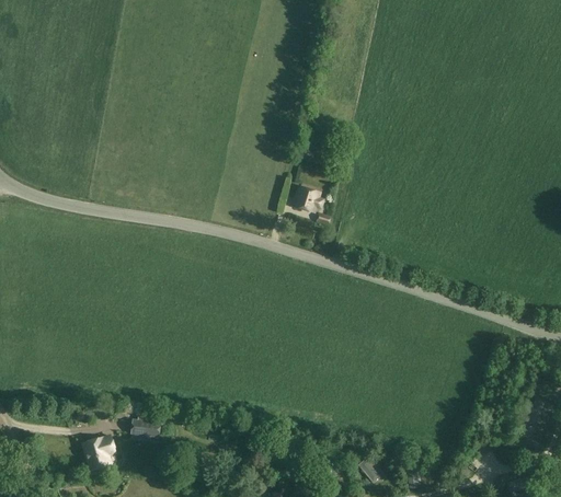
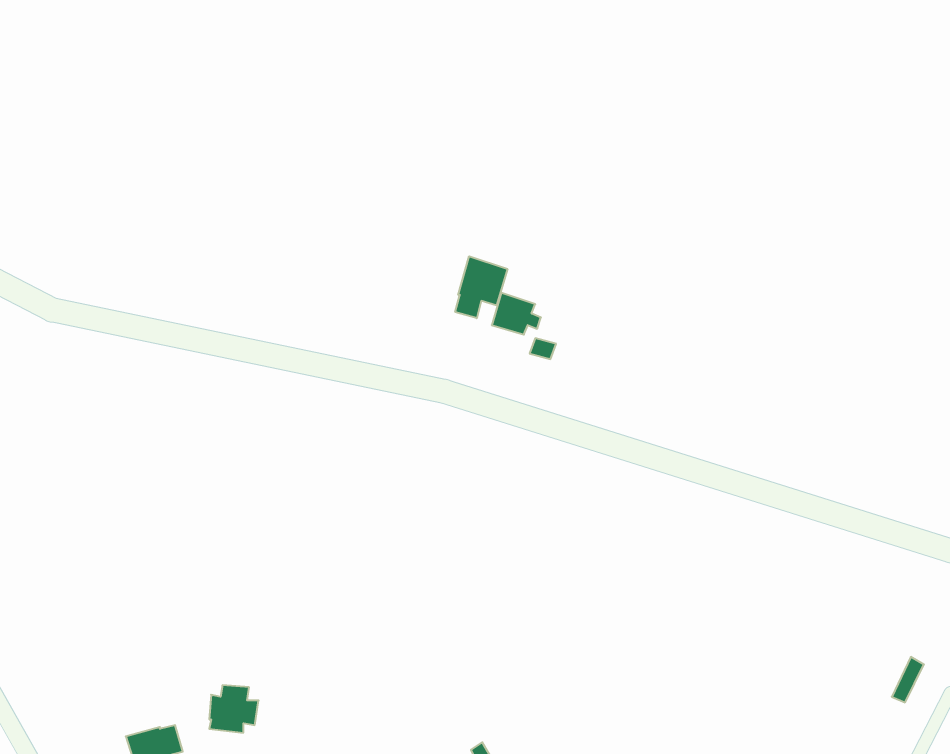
building: none -> [455,256,507,318]

